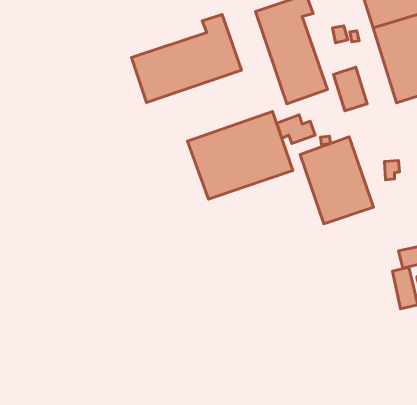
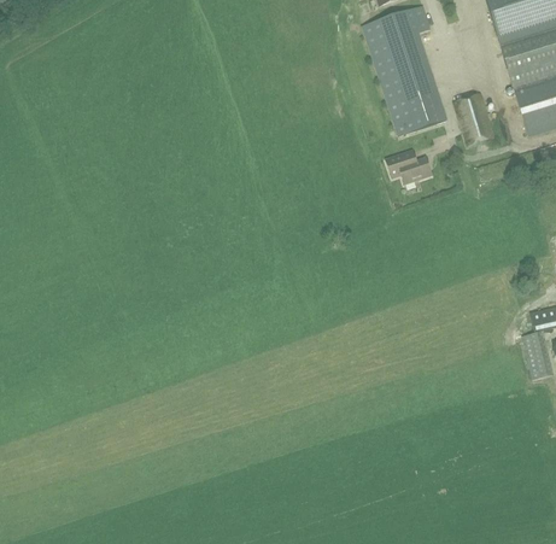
building: [132,14,241,102] -> none
building: [187,111,293,199] -> none
building: [300,137,374,224] -> none

